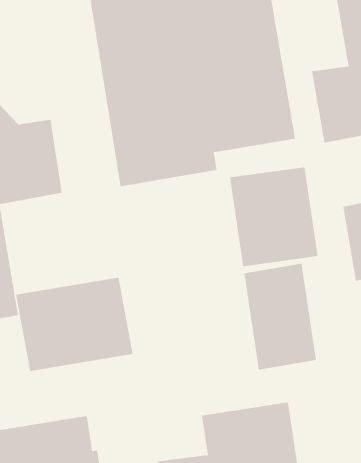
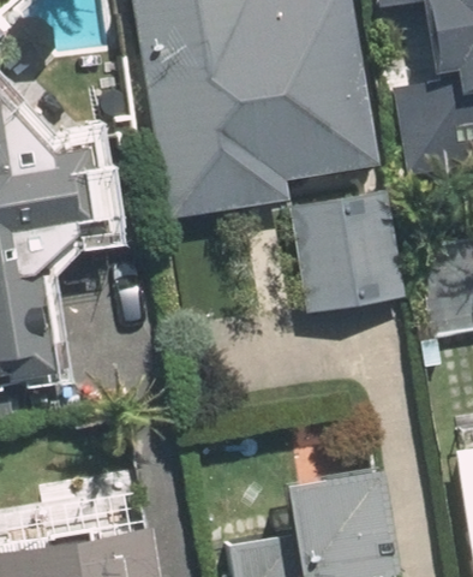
building: [244,263,317,371] -> none
building: [16,277,133,372] -> none

